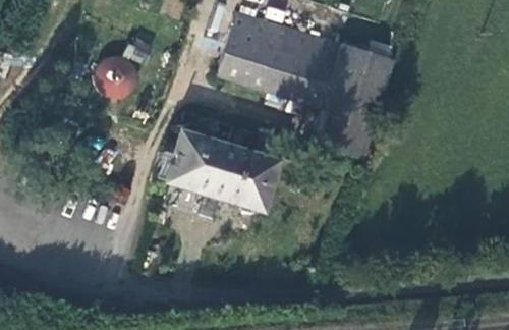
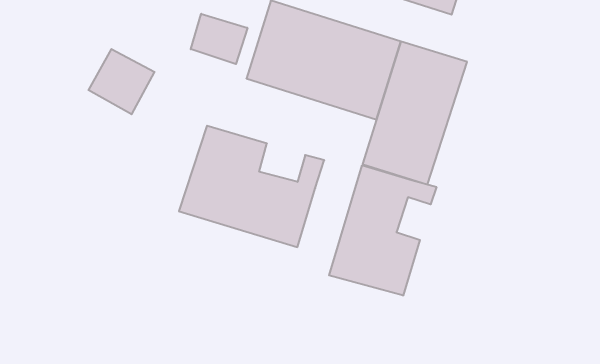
building: none -> [191,14,247,64]
building: none -> [329,165,436,296]

